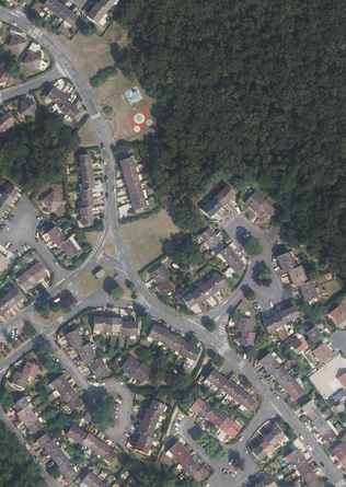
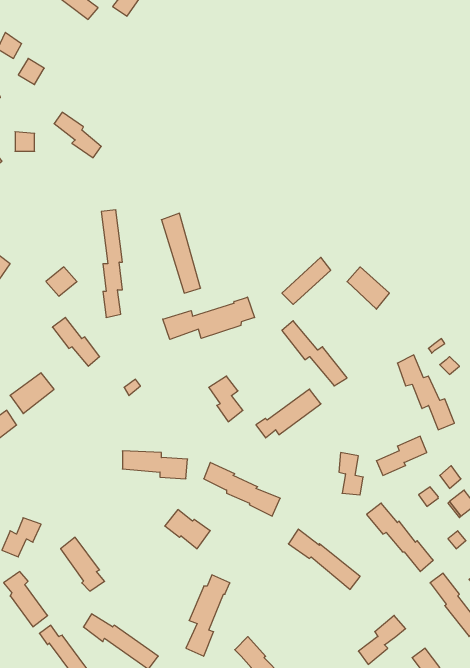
building: none -> [163,297,255,339]
building: [67,327,107,374] -> none
building: [188,396,239,437] -> none

